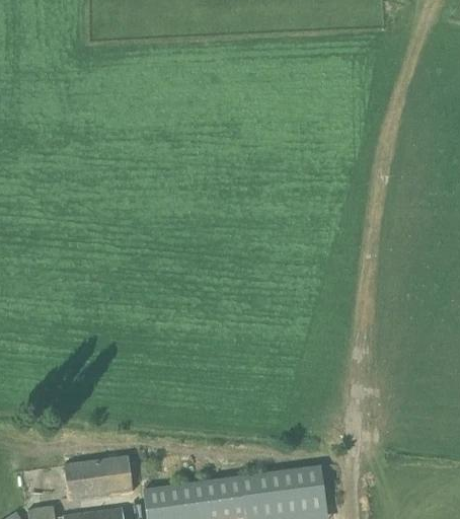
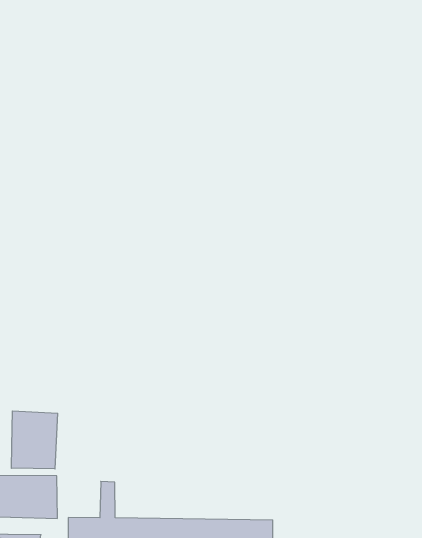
building: none -> [11,411,58,469]

